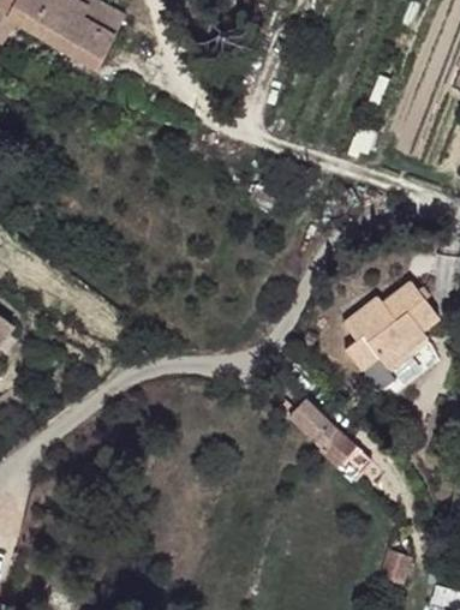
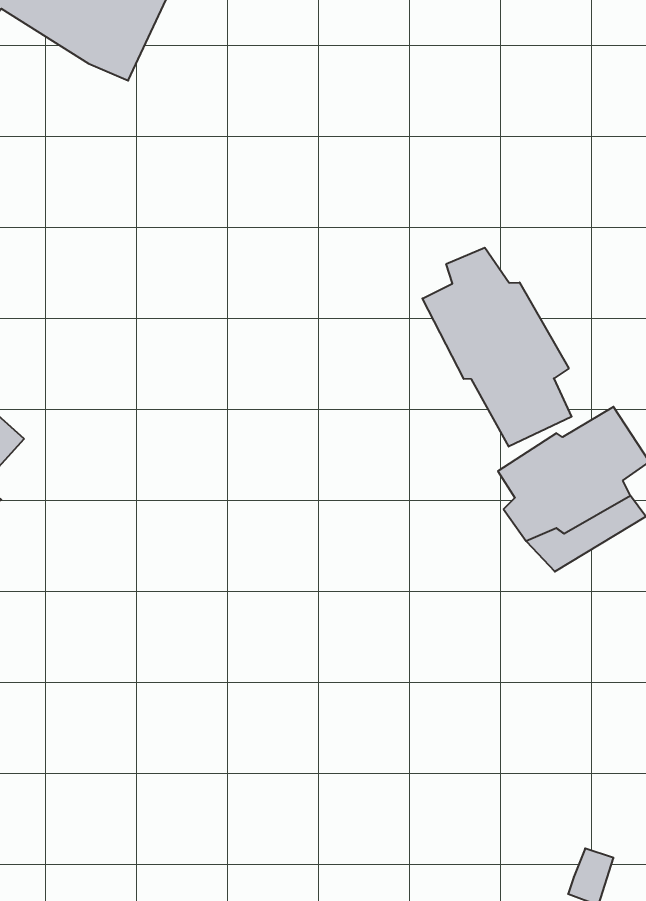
building: none -> [422,248,572,447]
building: [292,402,376,483] -> none

